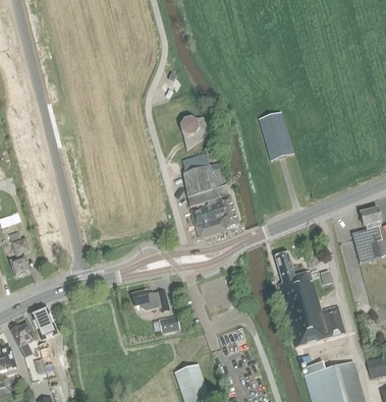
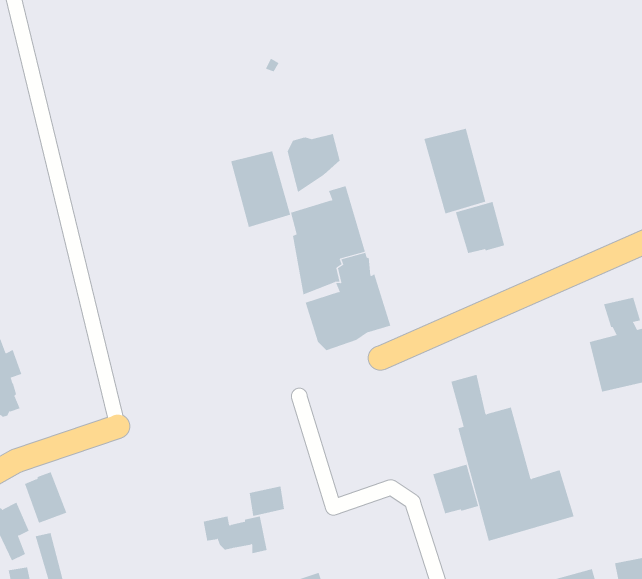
building: none -> [231,150,291,228]
building: none -> [455,201,505,254]
building: [132,290,169,311] -> [203,516,268,554]
building: none -> [432,464,479,514]

